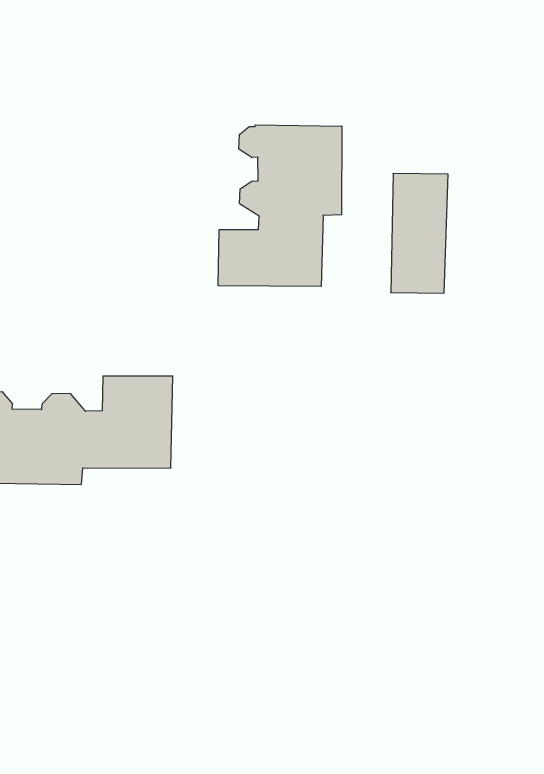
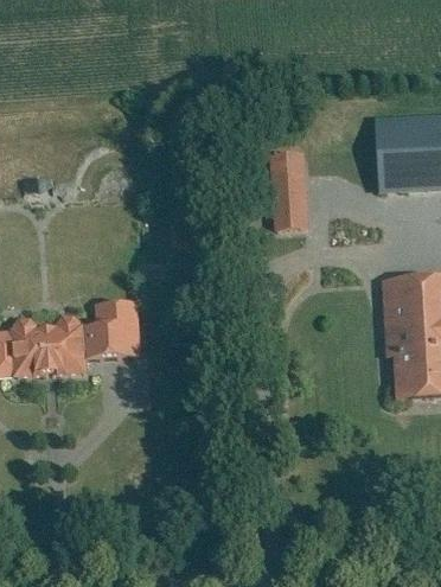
building: [218,125,342,286] -> none

